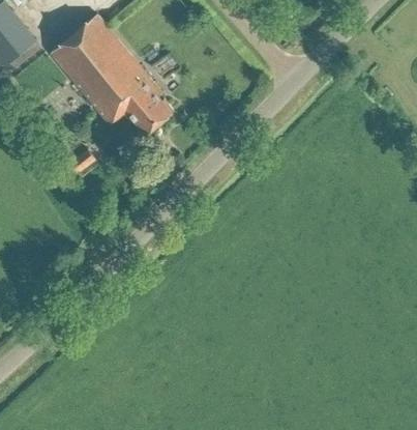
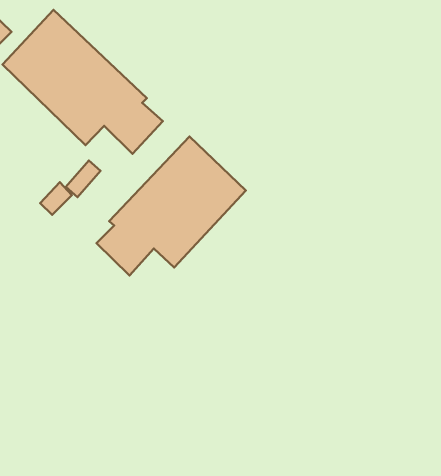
building: none -> [96,136,246,275]

